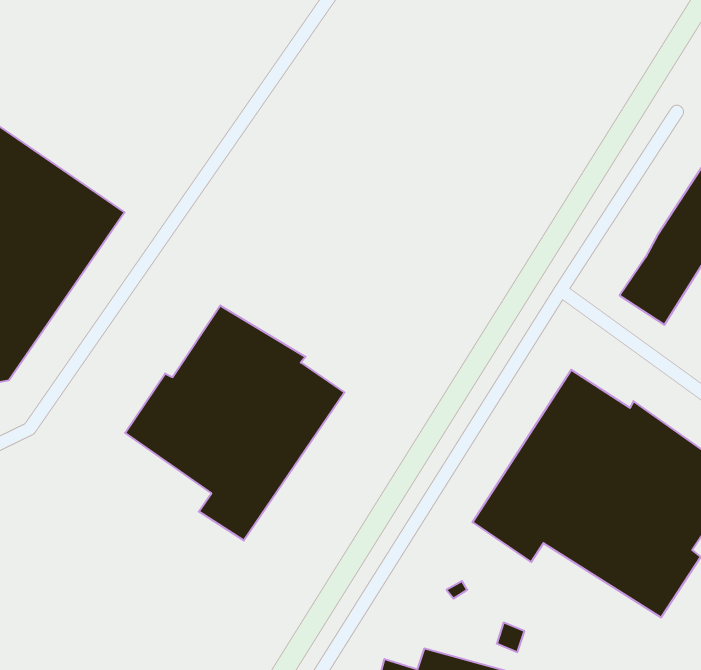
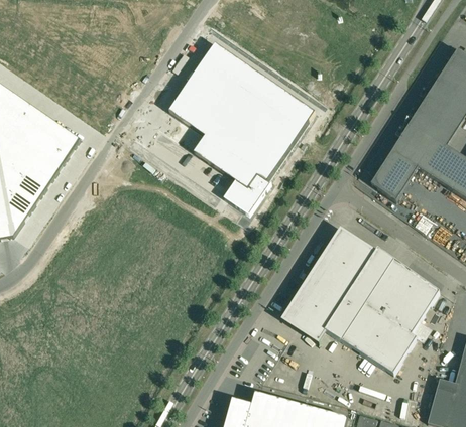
building: none -> [168,42,315,214]
building: [125,305,345,541] -> none

